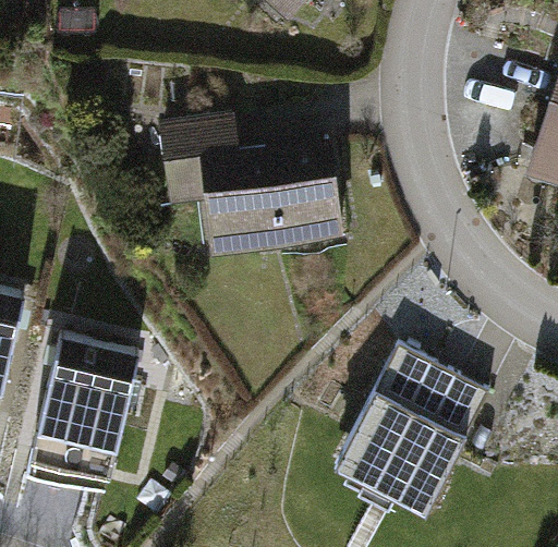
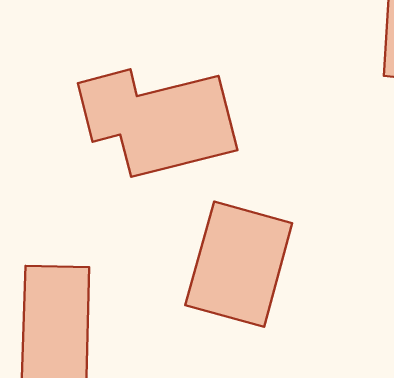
building: [350,357,496,519] -> [185,202,292,327]

